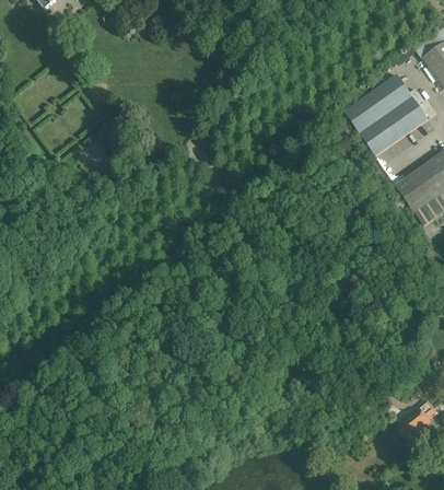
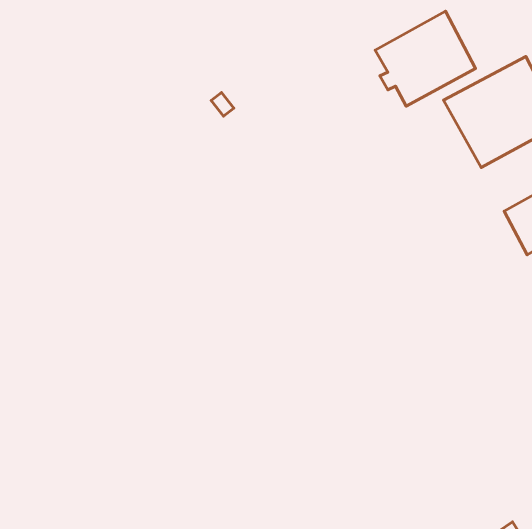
building: none -> [375,11,476,106]

